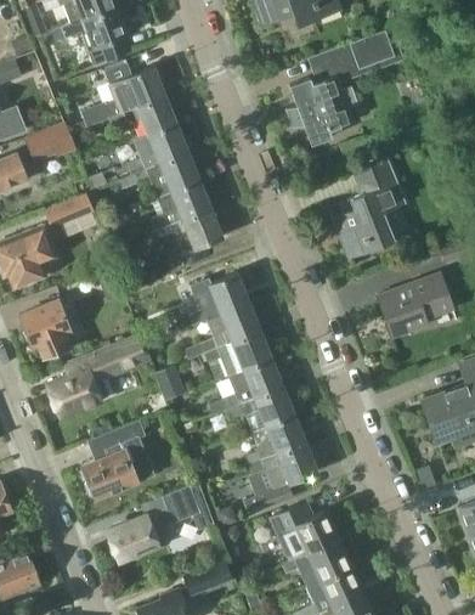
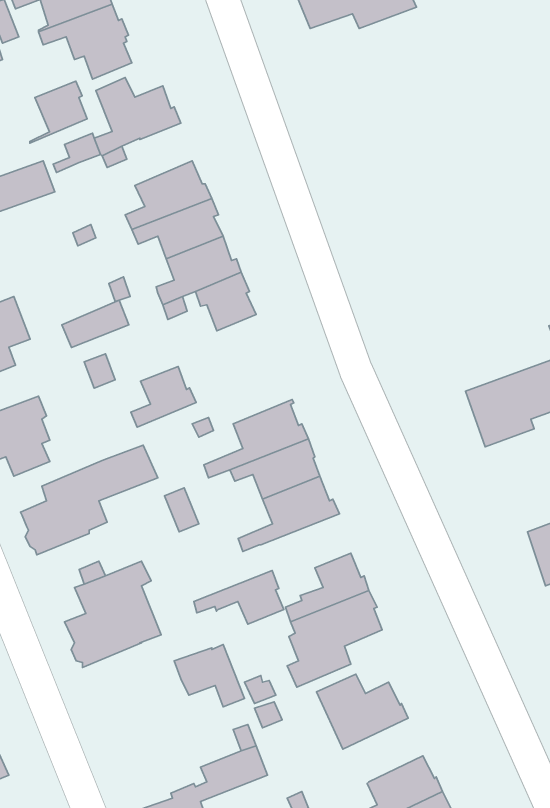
building: [288,30,395,143] -> none
building: [134,96,176,142] -> [30,81,87,143]
building: [335,158,406,258] -> none
building: [44,193,94,228] -> [62,300,129,348]
building: [202,275,250,320] -> [131,367,196,427]
building: [227,387,294,427] -> [194,570,284,624]
building: [106,512,168,562] -> none
building: [282,538,347,586] -> none

